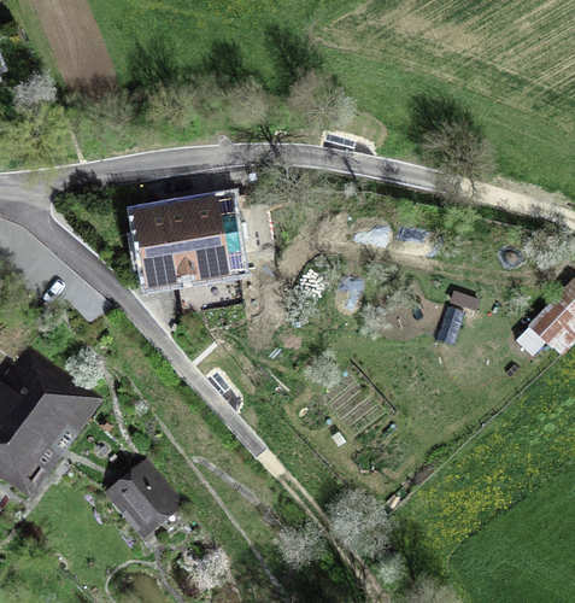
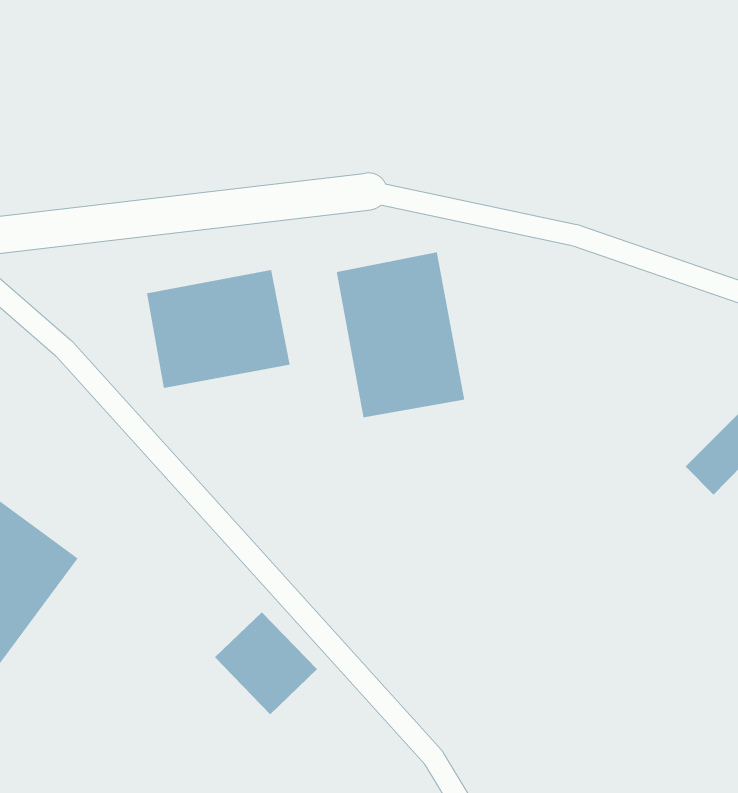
building: none -> [336,252,465,418]
building: [107,463,181,537] -> [214,611,318,715]

